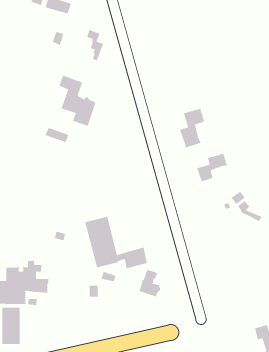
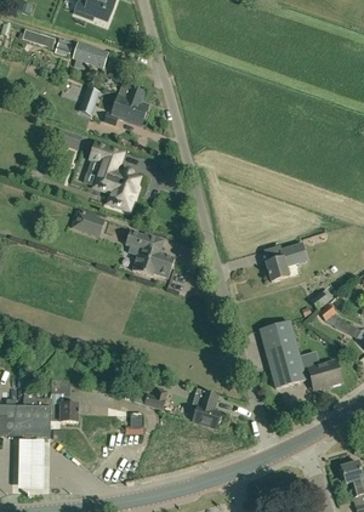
building: none -> [104,92,136,125]
building: [179,108,205,148] -> none
building: none -> [125,229,175,277]
building: [84,216,148,269] -> [260,320,341,388]

